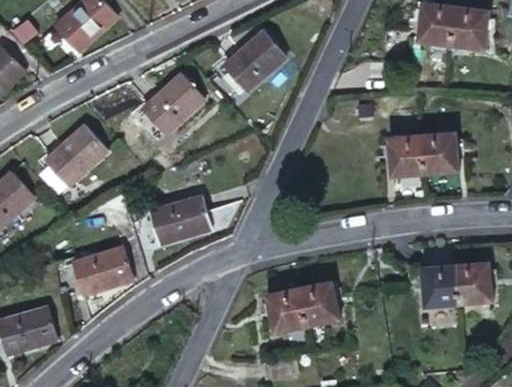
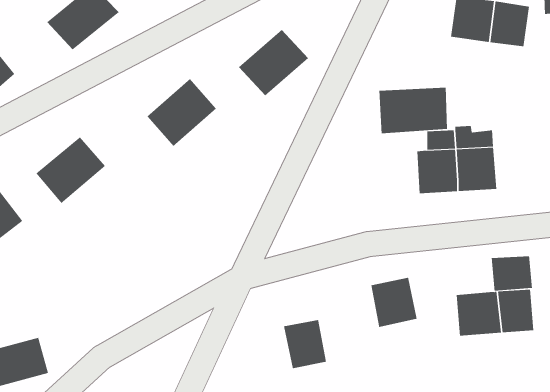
building: none -> [379,87,447,134]
building: [150,199,211,245] -> none
building: none -> [491,256,533,292]
building: [75,252,133,296] -> none
building: [298,282,340,327] -> [371,277,418,328]

